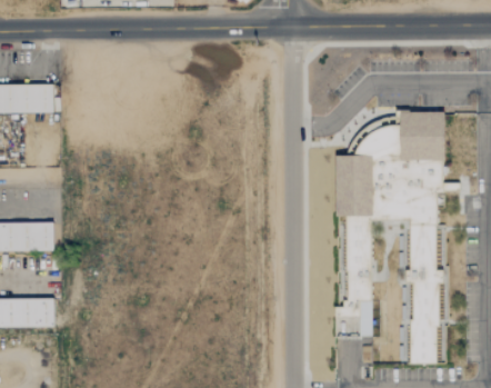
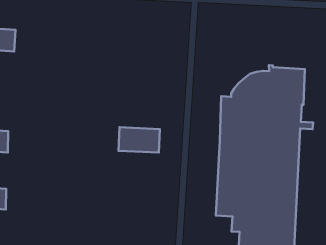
building: none -> [118,127,160,153]

